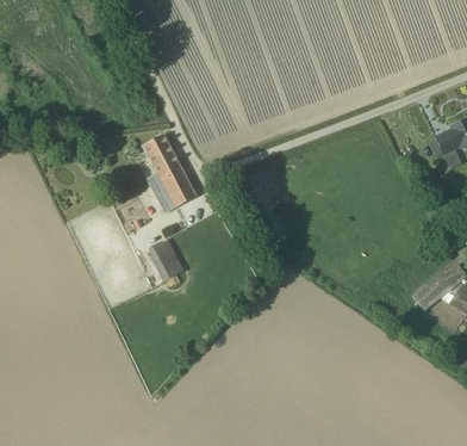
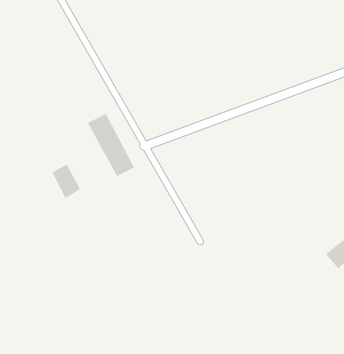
building: [149,241,182,280] -> [51,164,81,199]

